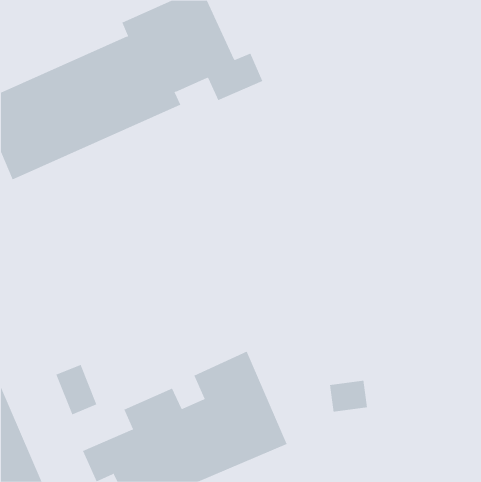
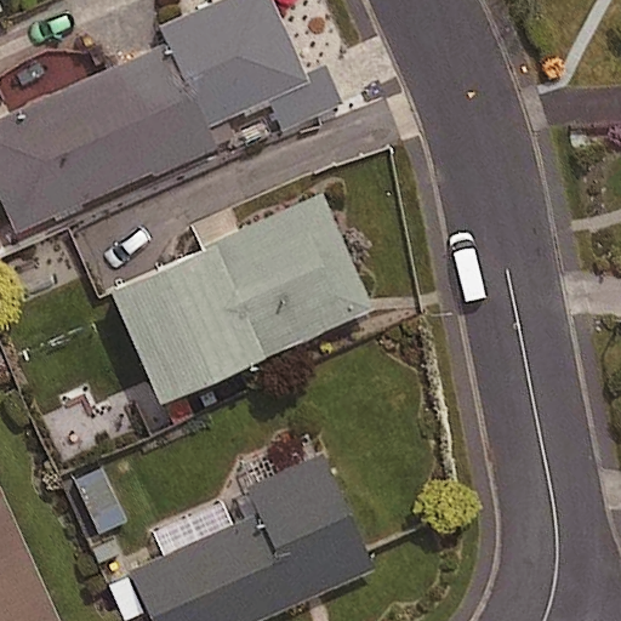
building: none -> [108,195,370,403]

